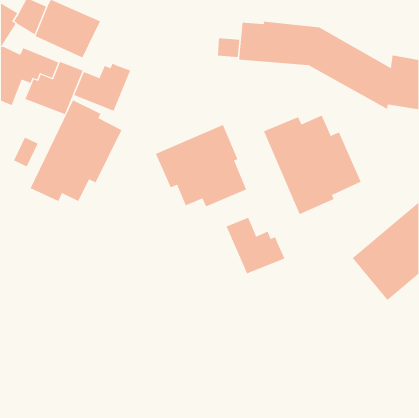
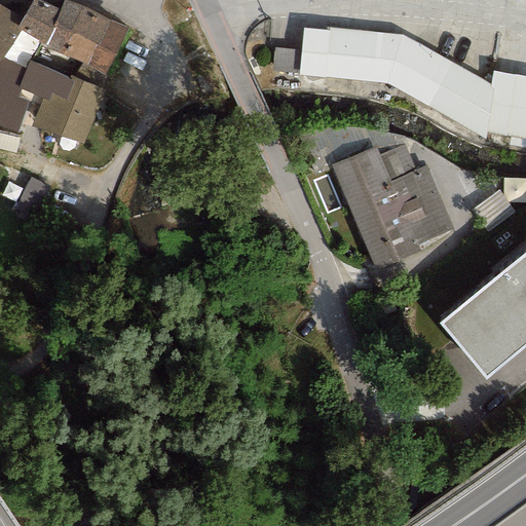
building: [73,63,131,111] -> none
building: [30,100,122,202] -> none
building: [155,124,247,207] -> none
building: [226,215,285,274] -> none

